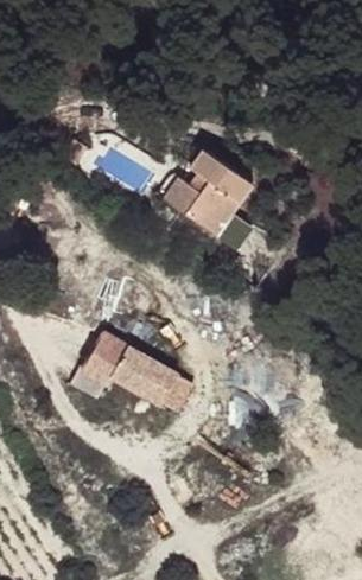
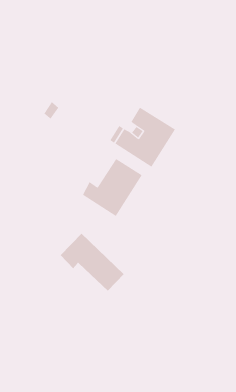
building: none -> [82,158,142,217]

